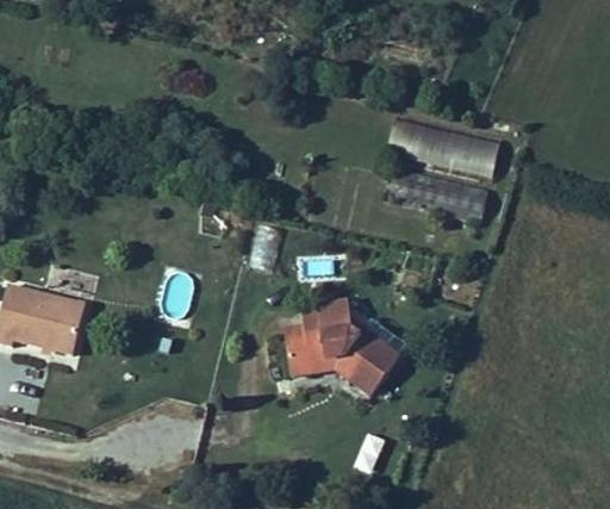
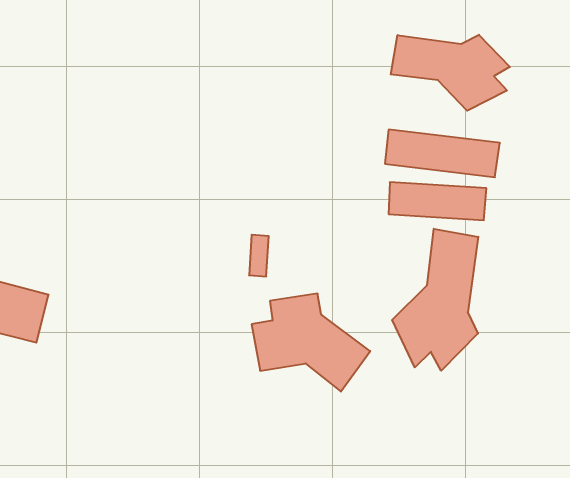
building: none -> [391,35,510,111]
building: none -> [392,229,478,371]

